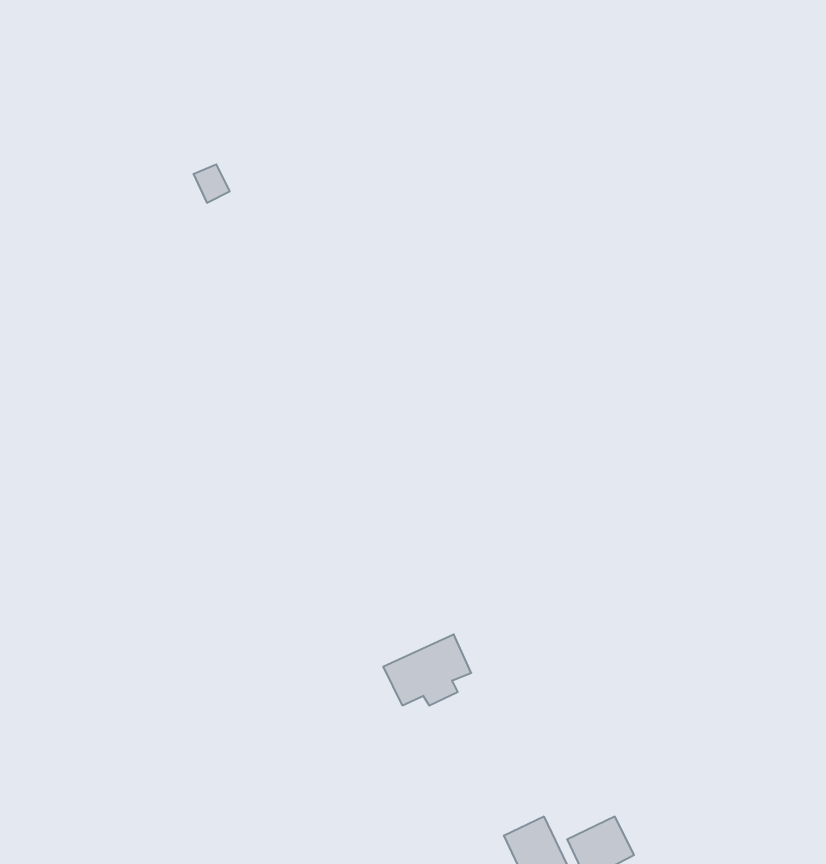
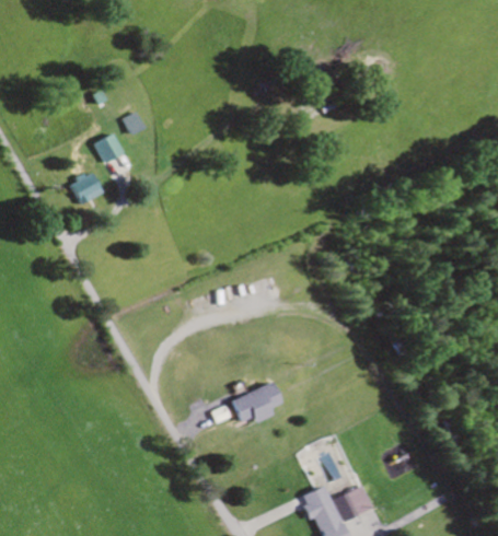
building: none -> [95,135,124,164]
building: none -> [71,175,103,206]

